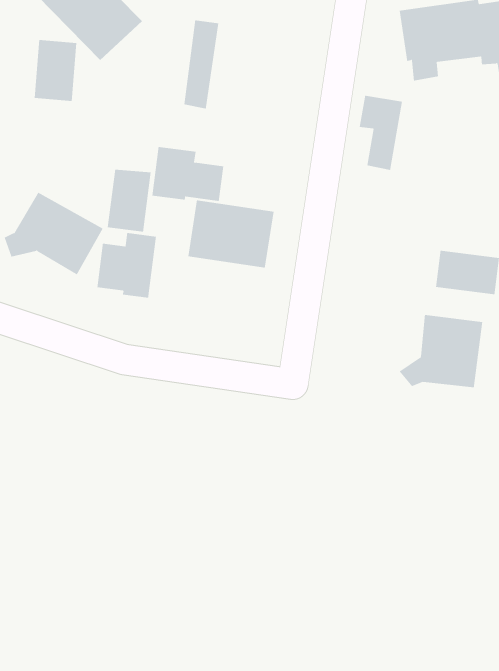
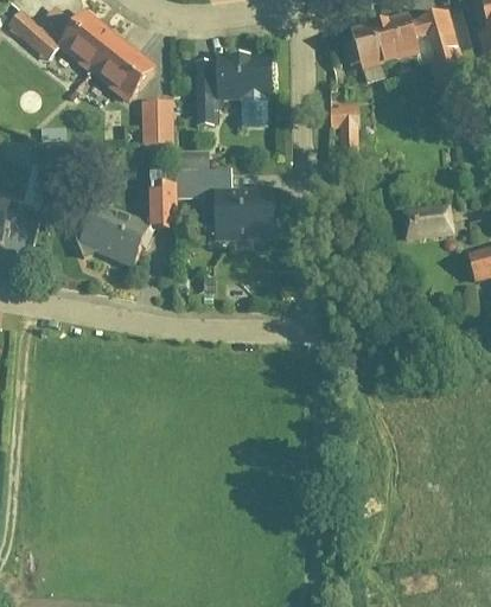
building: none -> [216,57,272,126]
building: [34,39,77,102] -> [141,97,173,143]
building: [97,232,157,299] -> none
building: [399,314,483,388] -> none

